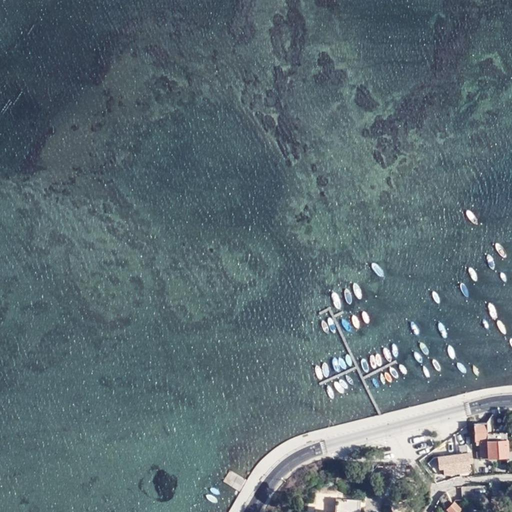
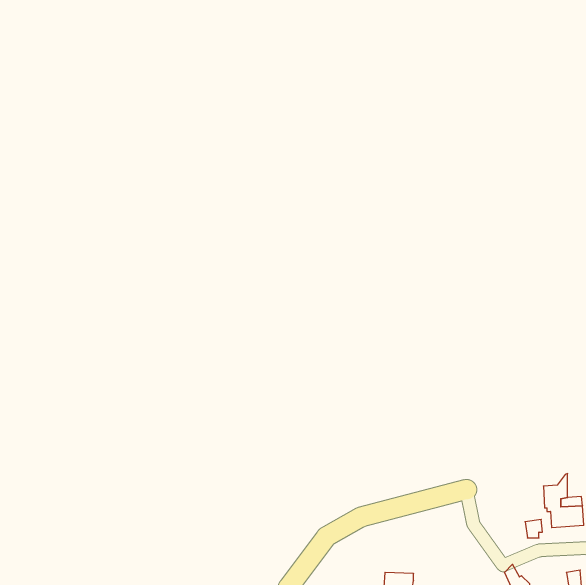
building: [438,456,461,476] -> none

